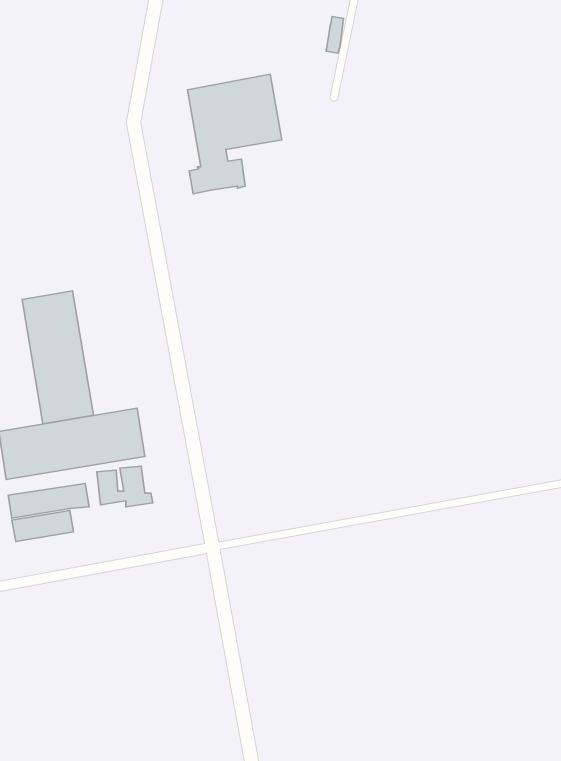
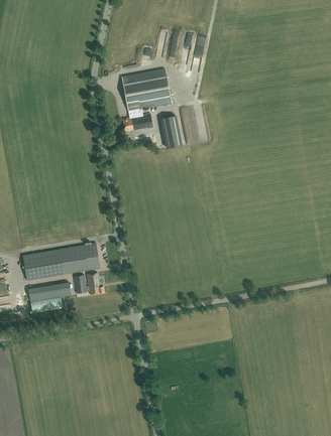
building: none -> [160,116,181,148]
building: [22,291,93,424] -> none

